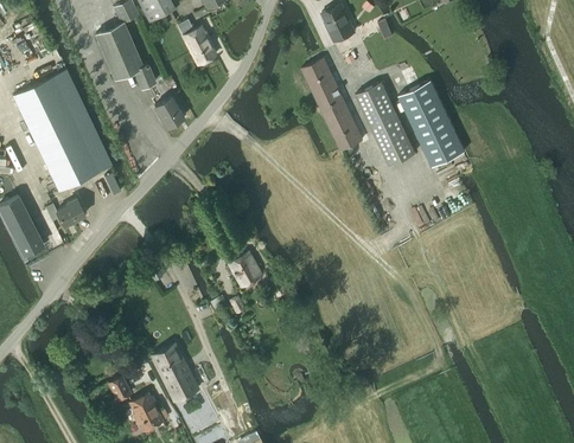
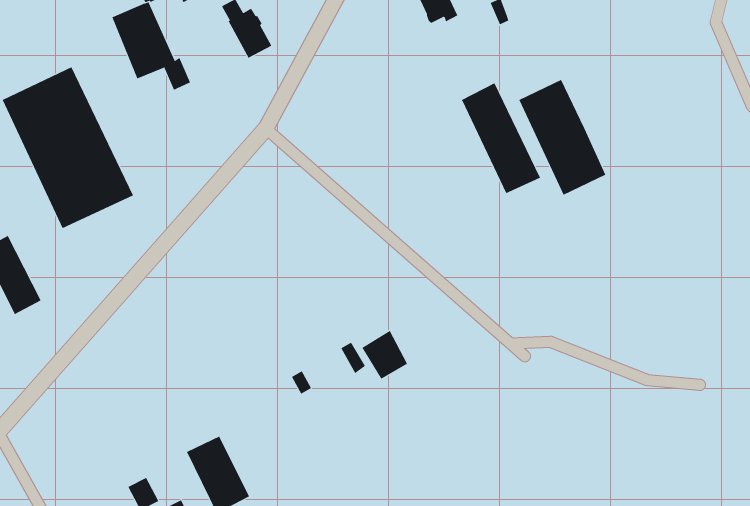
building: [302,59,363,152] -> none
building: [154,96,185,129] -> none
building: [45,198,85,227] -> none
building: [228,252,262,289] -> [362,330,408,380]

